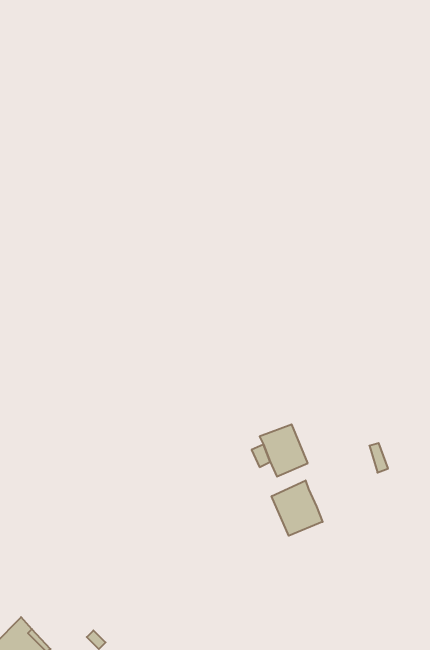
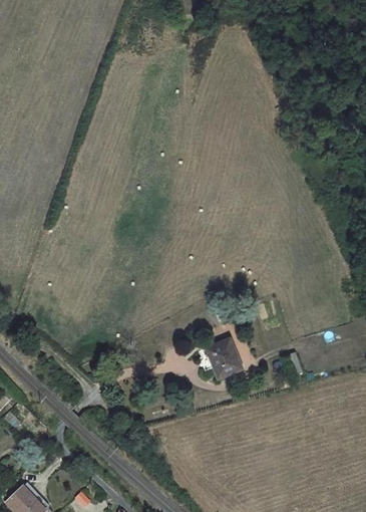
building: [272,480,323,536] -> none

